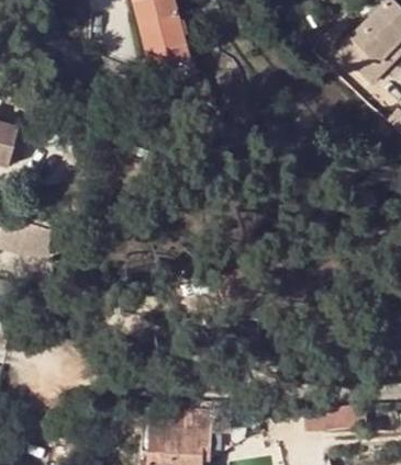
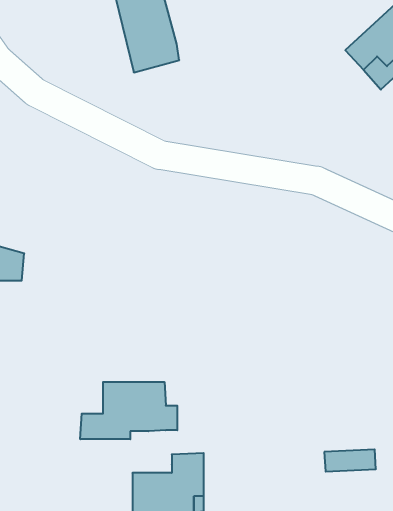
building: none -> [80,382,177,439]

